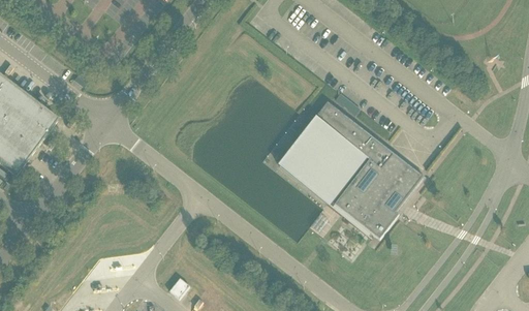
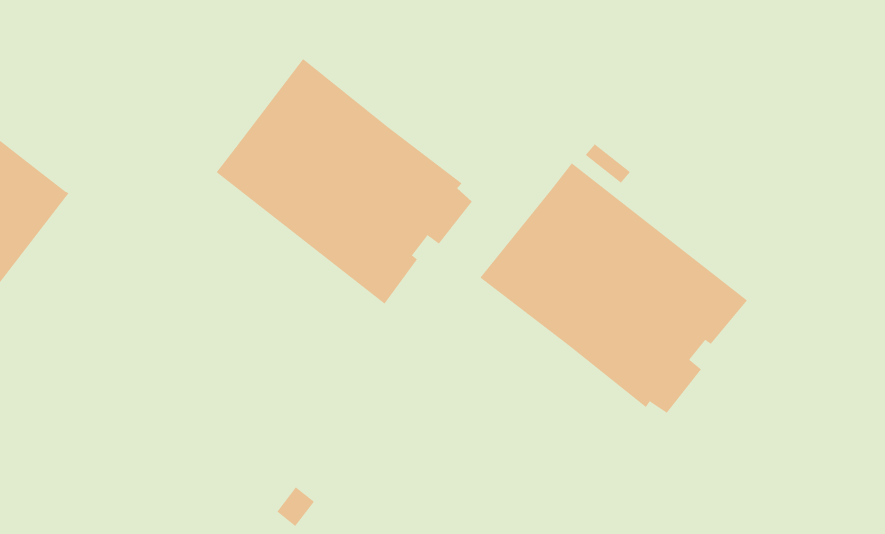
building: none -> [216,58,473,305]

